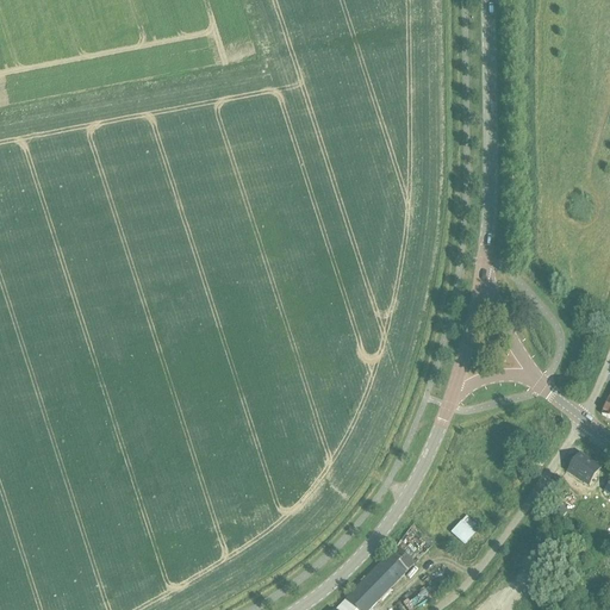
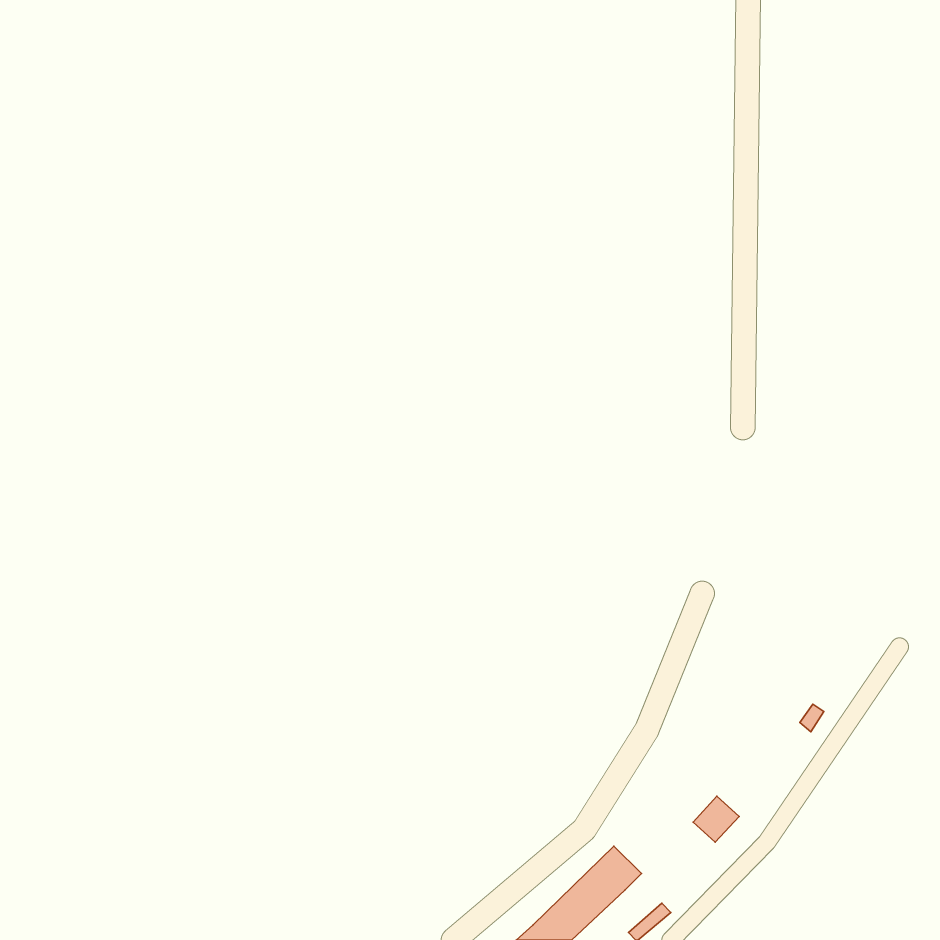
building: [568,453,600,490] -> none

